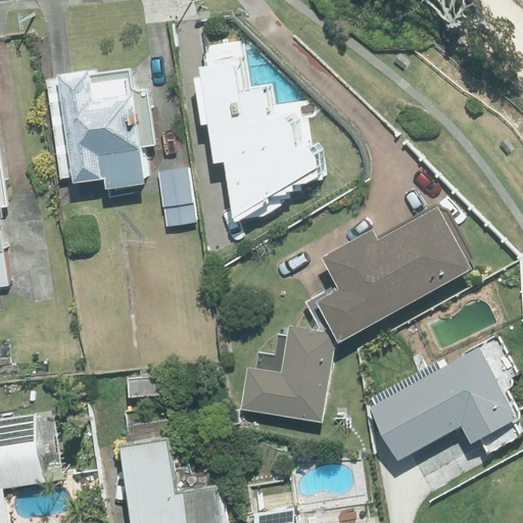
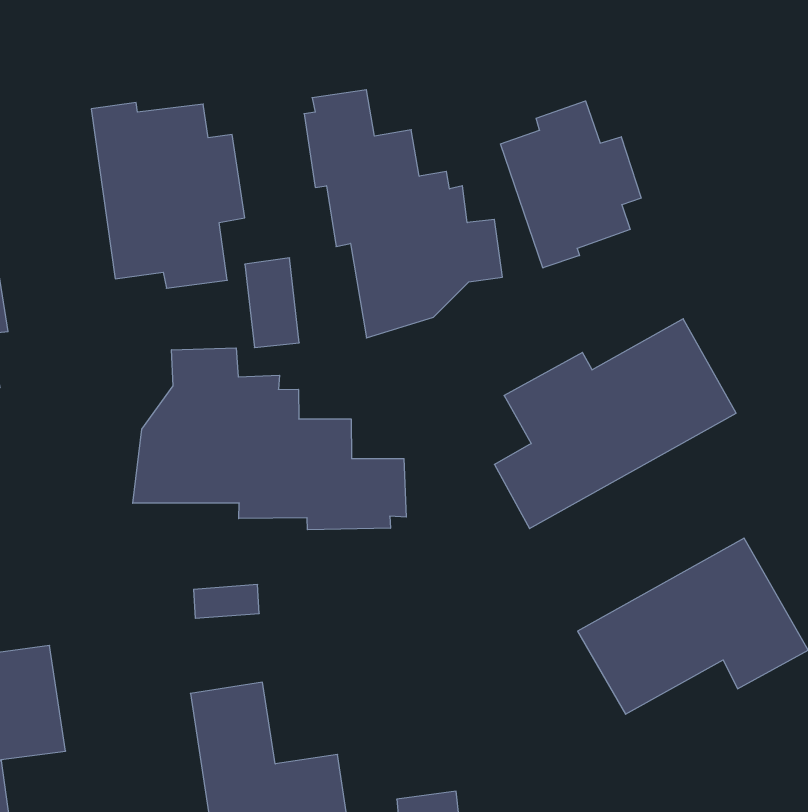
building: none -> [501,101,641,268]
building: none -> [133,348,406,530]
building: [239,328,333,423] -> none

